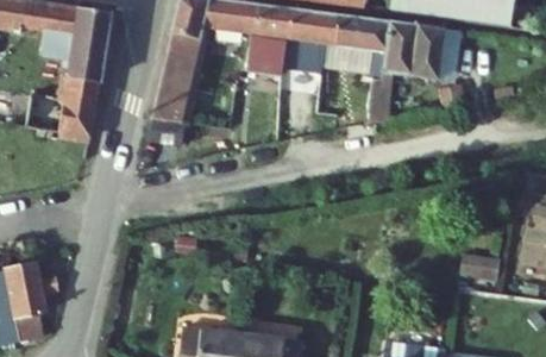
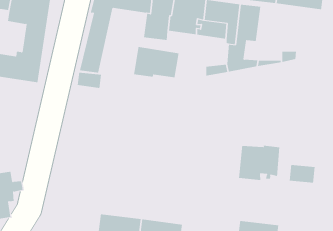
building: [413,23,445,77] -> none
building: none -> [133,46,179,78]
building: none -> [239,145,280,181]

